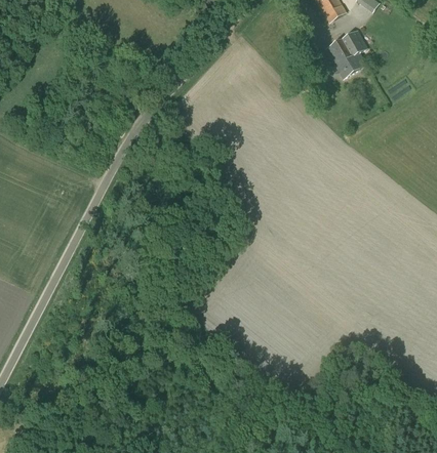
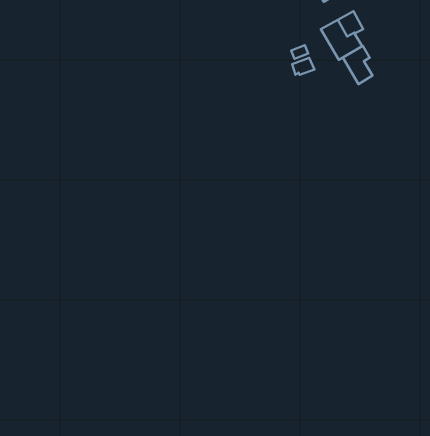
building: none -> [343,46,373,84]

